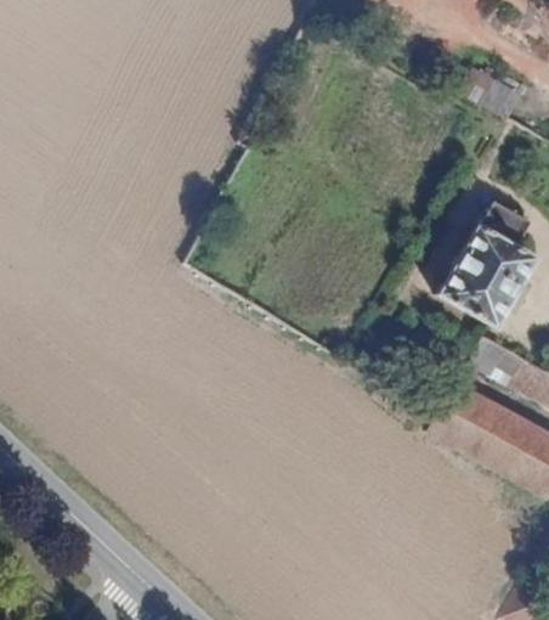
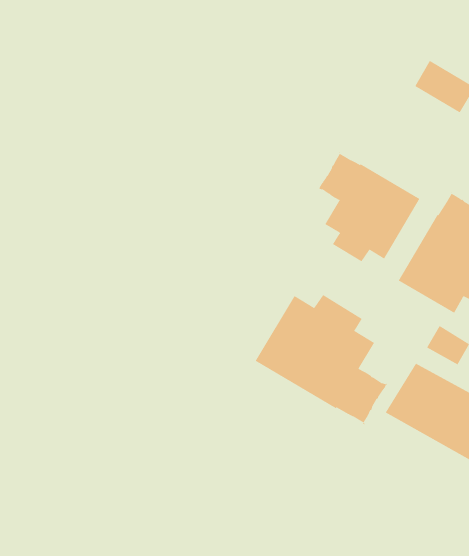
building: none -> [318,151,420,262]
building: none -> [255,294,388,426]

